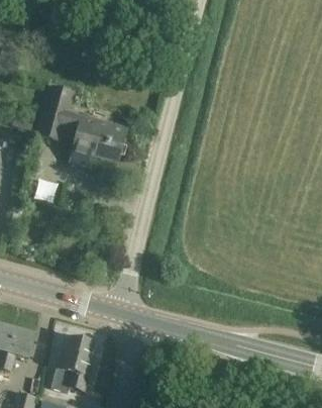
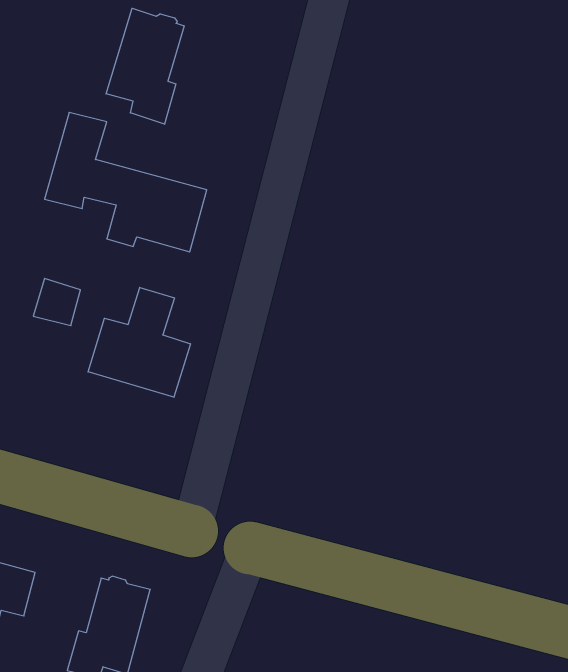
building: none -> [106,8,184,124]
building: none -> [88,287,190,397]

